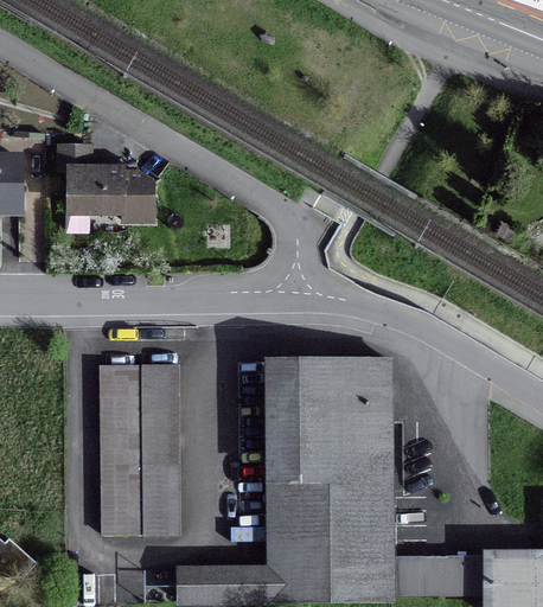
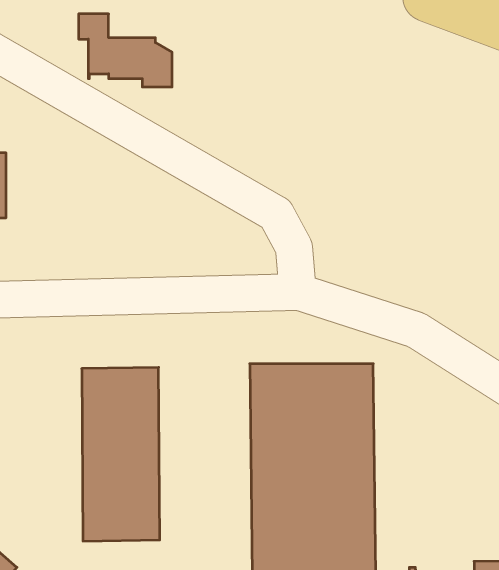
building: [58,147,151,219] -> [79,14,172,87]

